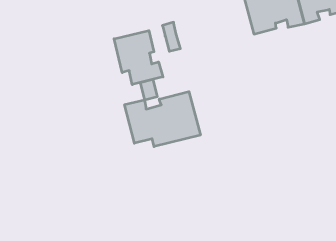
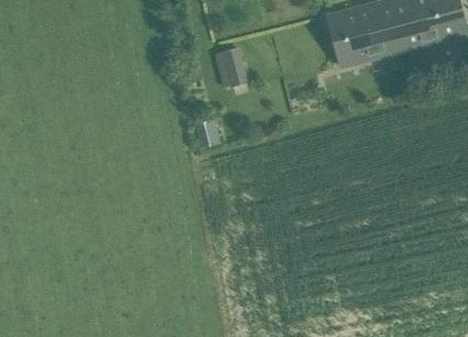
building: [114,31,163,85] -> none
building: [125,92,200,147] -> none

